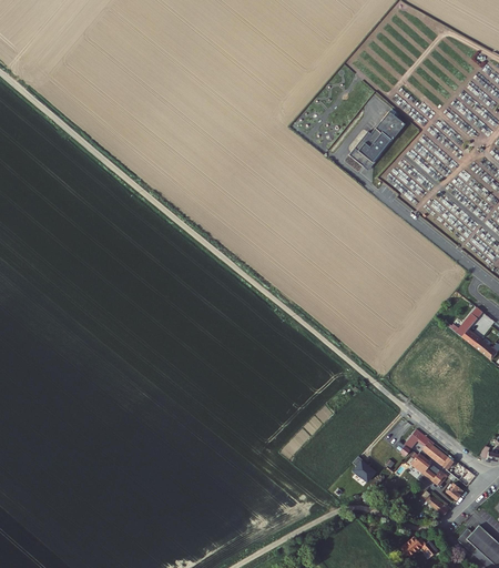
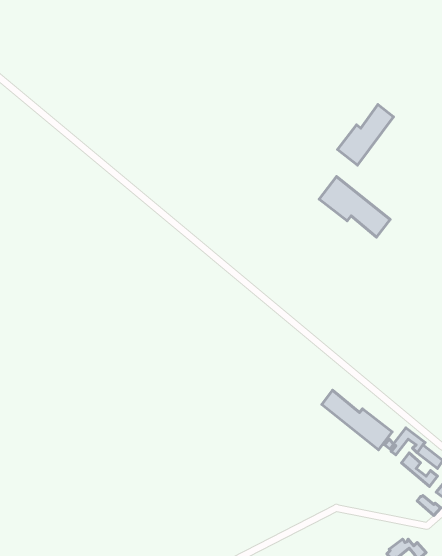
building: none -> [319,176,390,237]
building: none -> [322,390,392,450]

